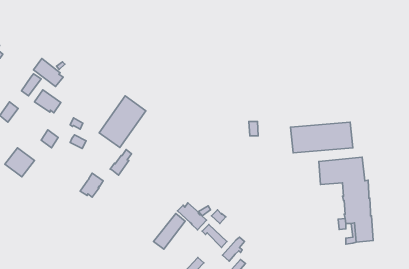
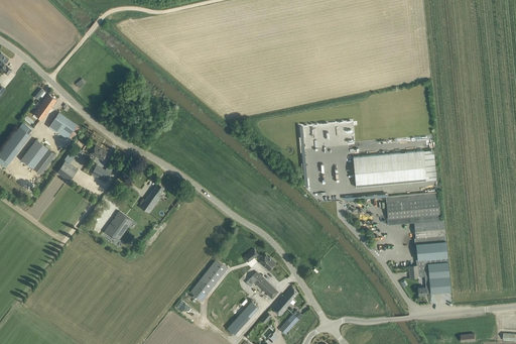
building: [33,58,63,86] -> none
building: [99,96,146,148] -> none
building: [5,148,35,177] -> [20,139,55,174]
building: [178,203,206,230] -> none

